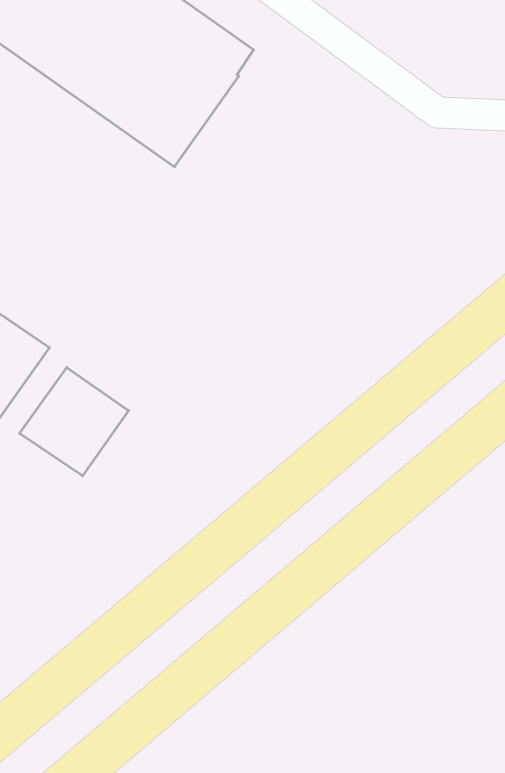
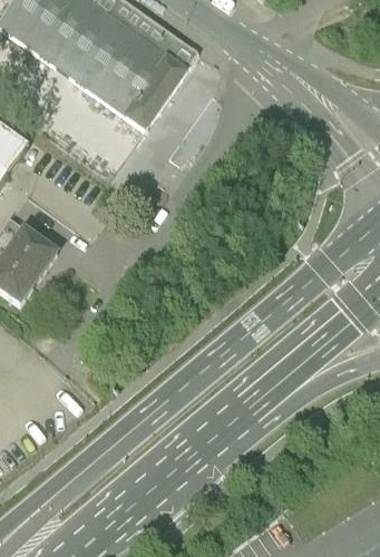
building: [20,367,129,476] -> none

